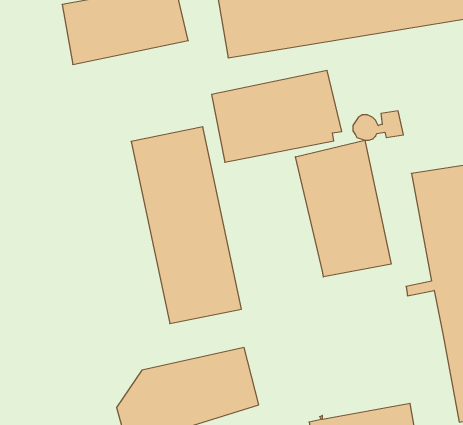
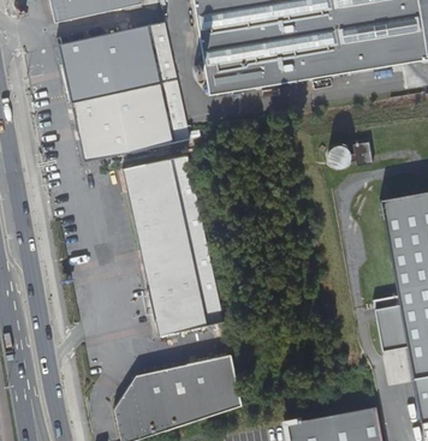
building: [212,70,342,162] -> [71,78,189,161]
building: [295,140,391,277] -> none
building: none -> [374,304,406,350]

